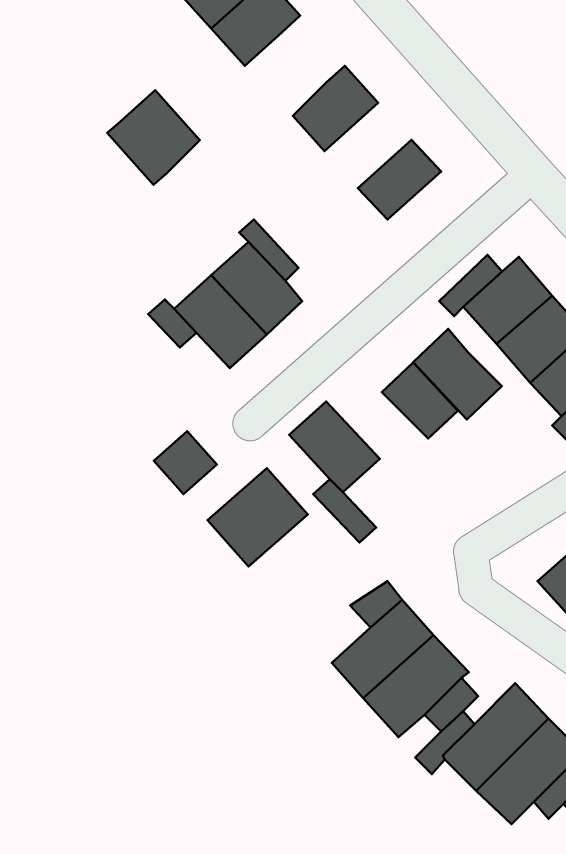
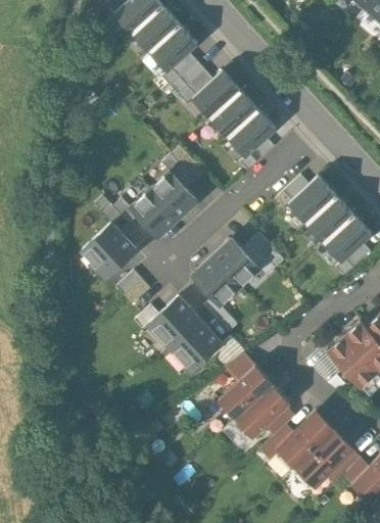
building: [107,90,200,185] -> [160,52,211,104]
building: none -> [210,91,258,138]
building: [413,329,502,420] -> [211,237,260,287]
building: none -> [78,218,136,278]
building: none -> [169,318,222,371]

